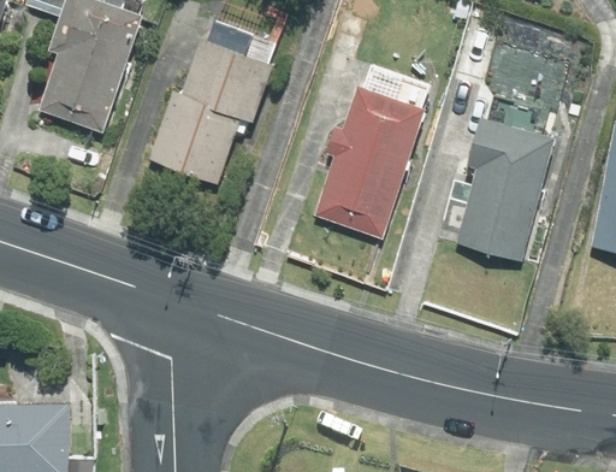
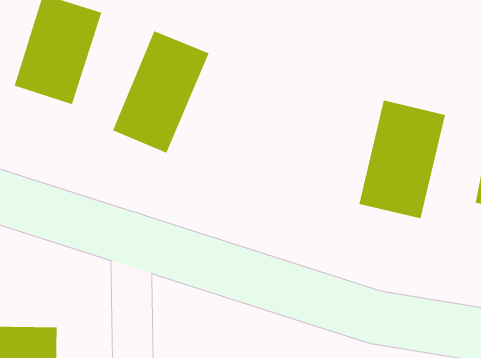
building: [313,89,424,237] -> none

